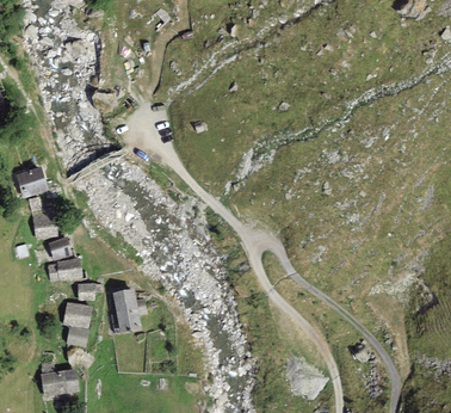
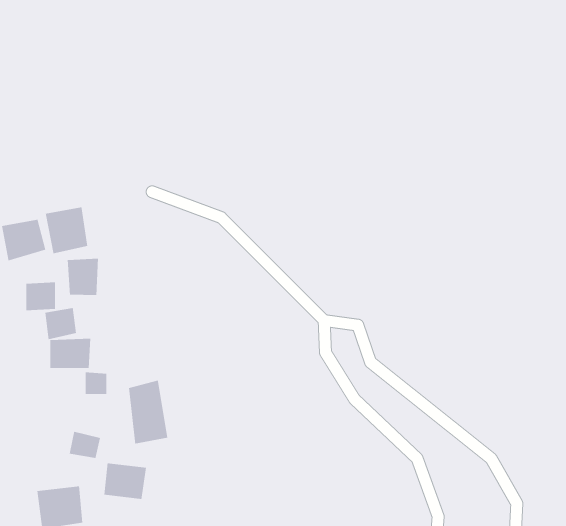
building: none -> [45,206,88,254]
building: none -> [67,258,99,296]
building: [62,300,94,327] -> [104,463,147,500]

